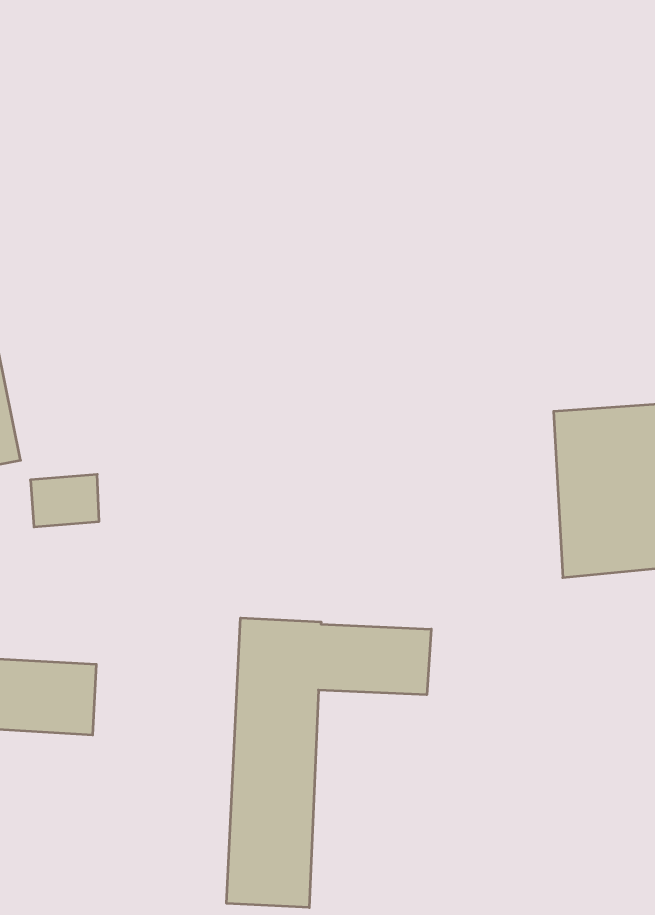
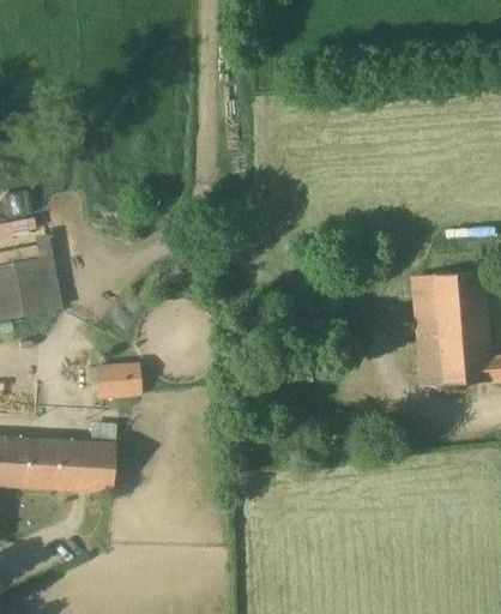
building: [30,474,99,527] -> [96,363,141,398]
building: [227,618,431,908] -> none

